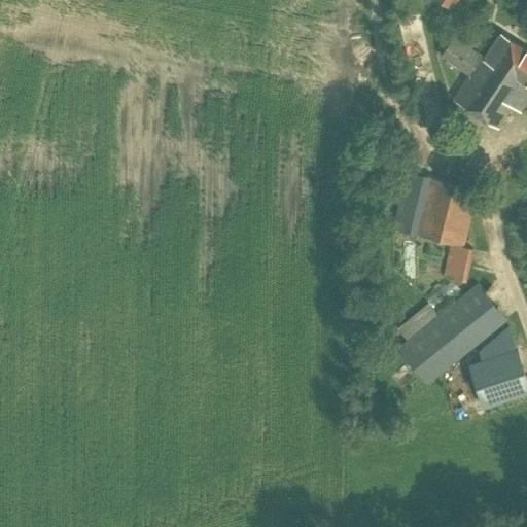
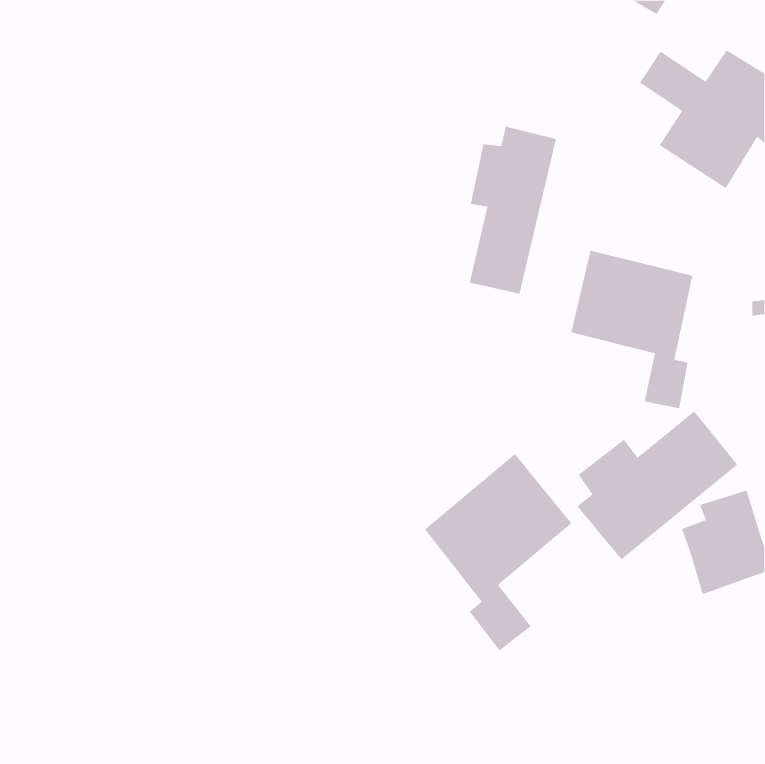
building: none -> [469,126,557,294]
building: none -> [424,453,572,652]

